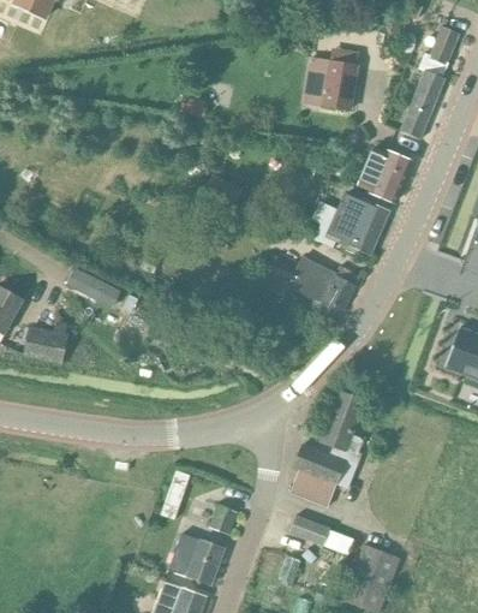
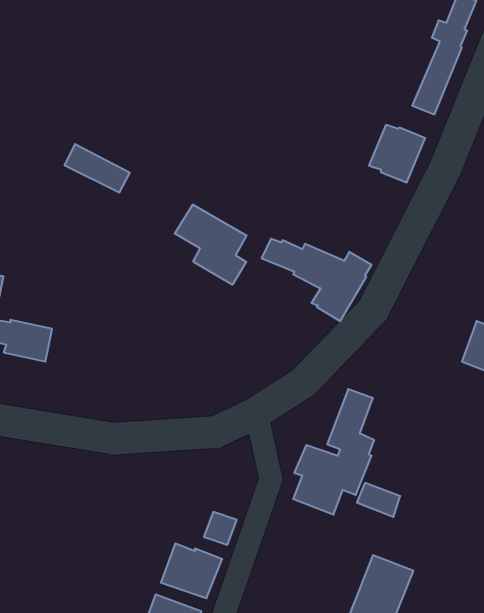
building: [321,60,357,107] -> none
building: [324,190,388,254] -> none
building: none -> [175,204,247,285]
building: [64,267,124,311] -> [64,144,130,193]
building: [289,514,329,546] -> [357,483,400,517]

